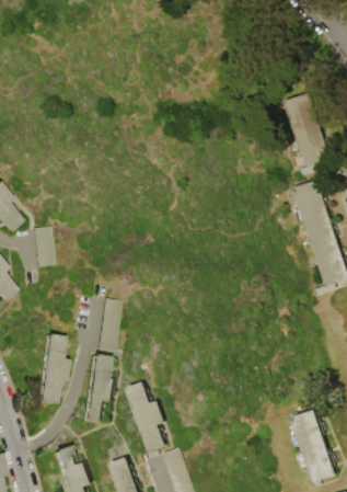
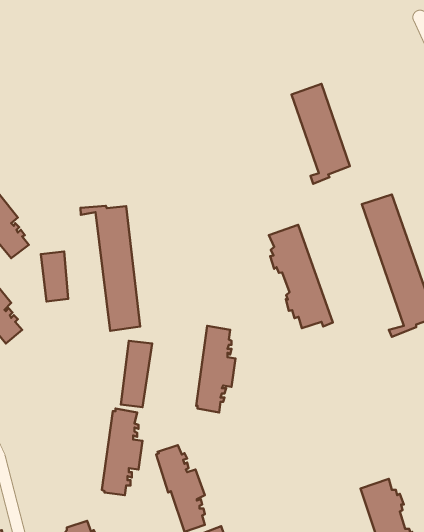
building: [286,94,333,175] -> [292,84,350,184]
building: none -> [80,206,140,331]
building: none -> [269,225,333,328]
building: [37,334,69,404] -> [196,326,235,413]

